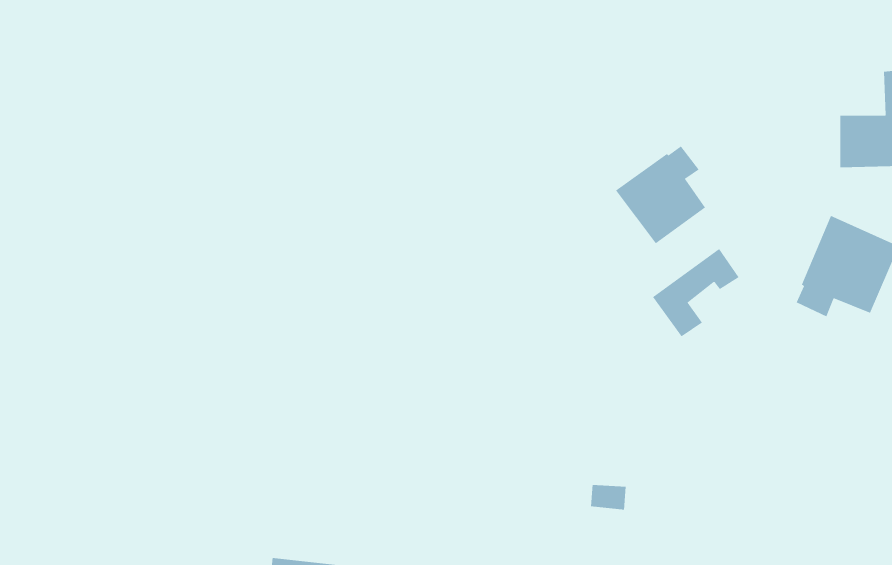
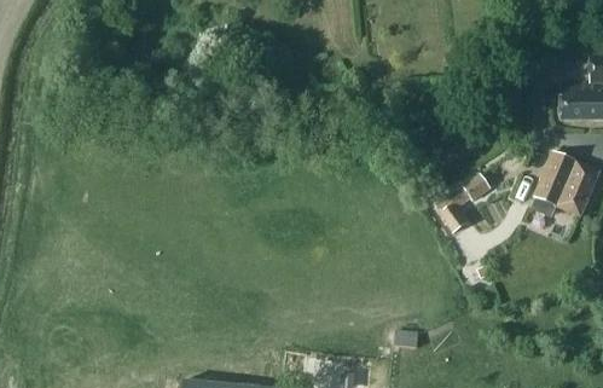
building: [615,146,706,244] -> none

